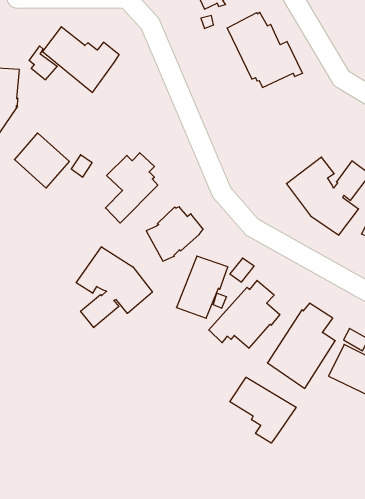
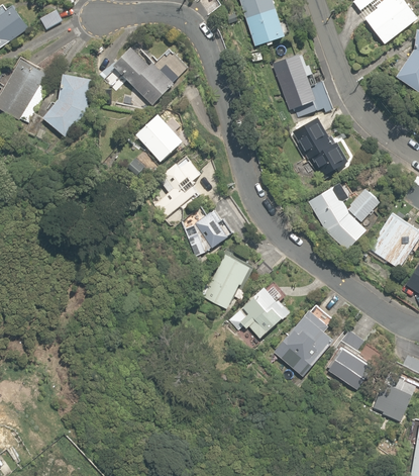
building: none -> [291,116,347,179]
building: [14,133,69,188] -> [136,113,183,161]
building: [76,247,152,328] -> none
building: [230,377,296,443] -> none

